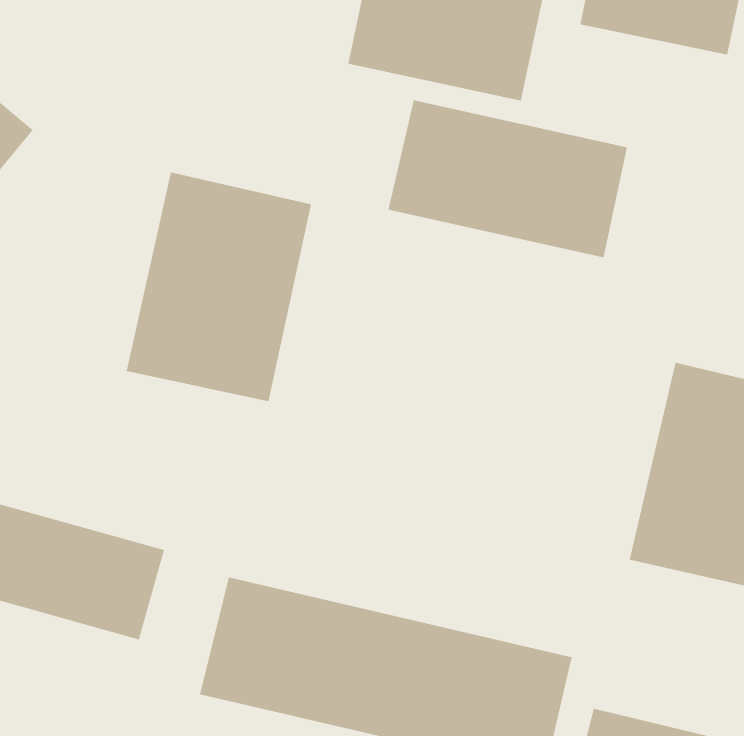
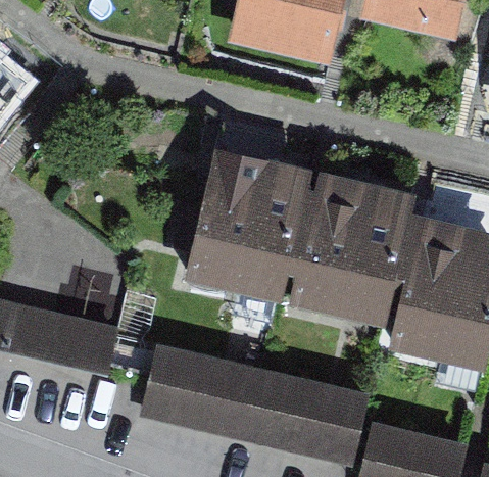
building: [388,100,628,258] -> none
building: [126,172,312,402] -> [192,148,303,286]
building: none -> [296,175,409,312]

